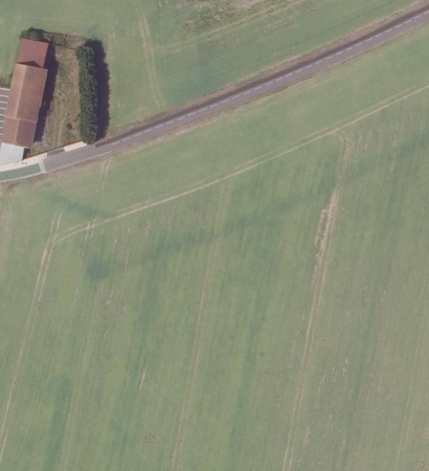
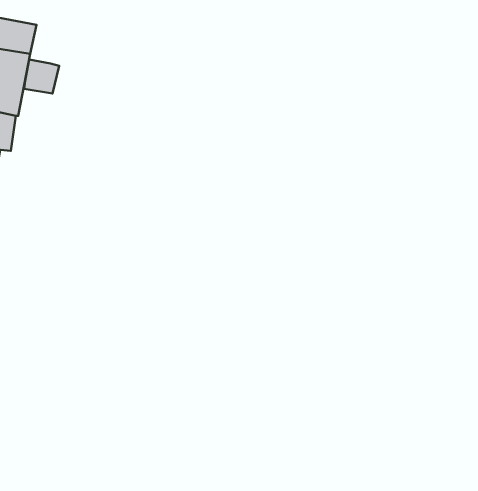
building: none -> [24,60,59,93]

